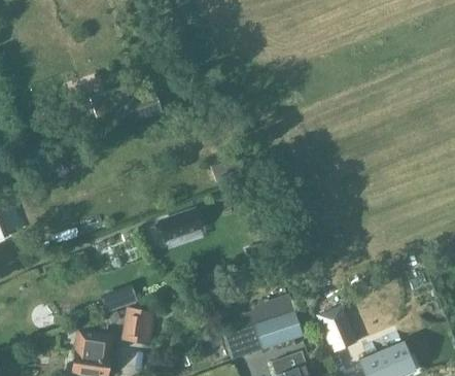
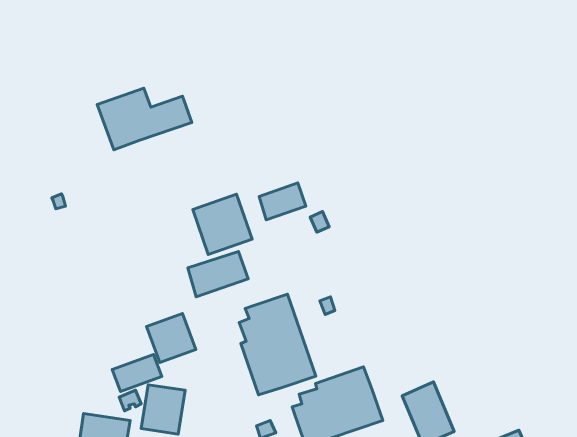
building: none -> [193,194,252,255]
building: none -> [239,294,316,395]
building: none -> [147,313,196,362]

